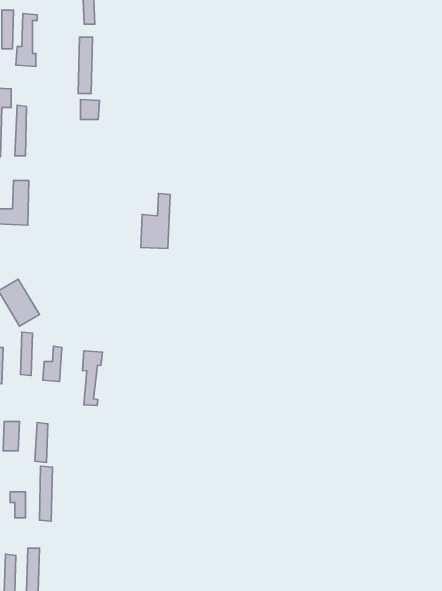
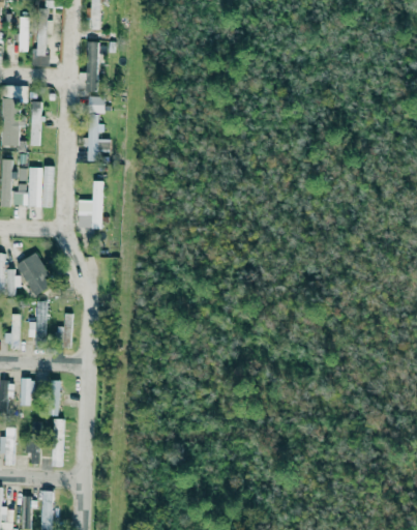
building: none -> [84,116,110,160]
building: [141,193,170,249] -> [79,180,105,229]
building: [83,351,103,406] -> none

